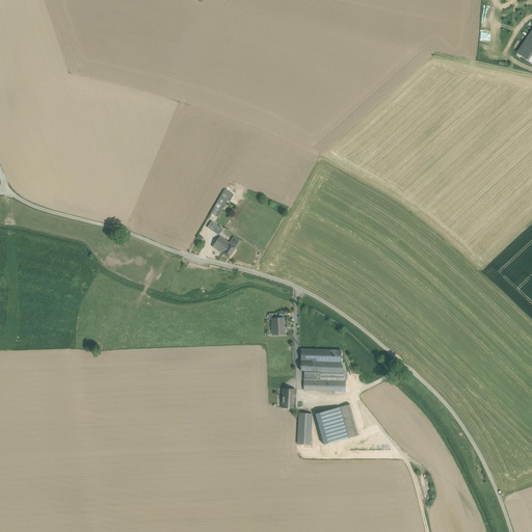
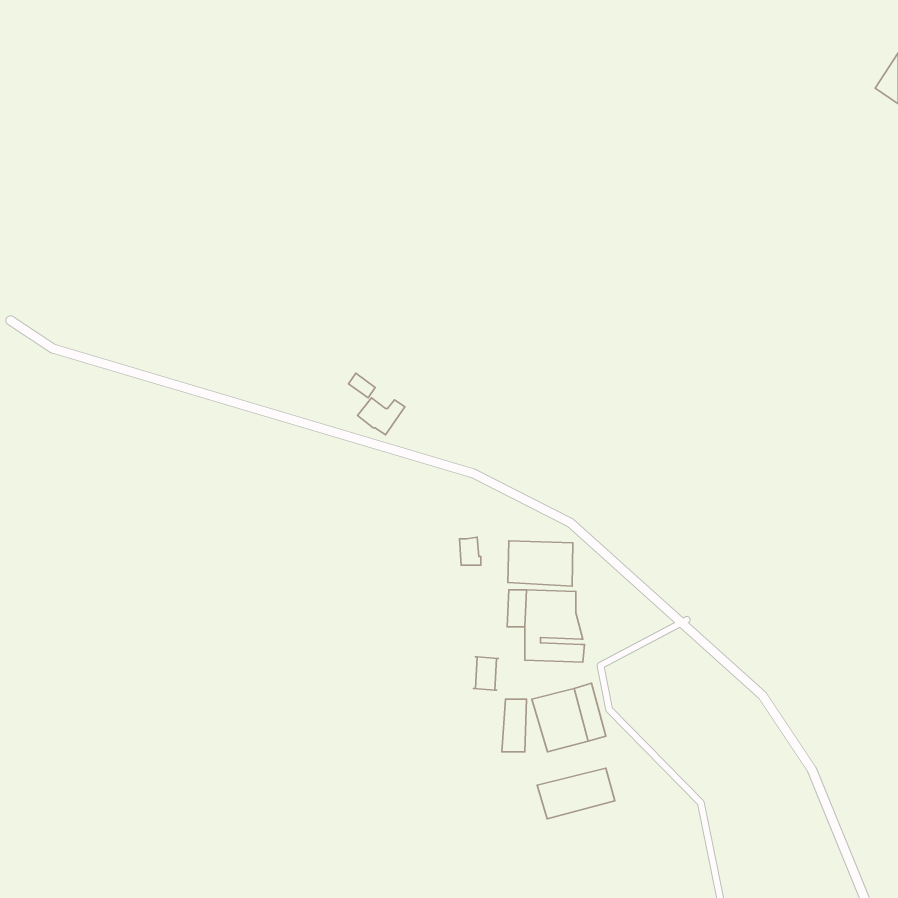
building: none -> [508,541,573,586]
building: none -> [537,768,615,819]

